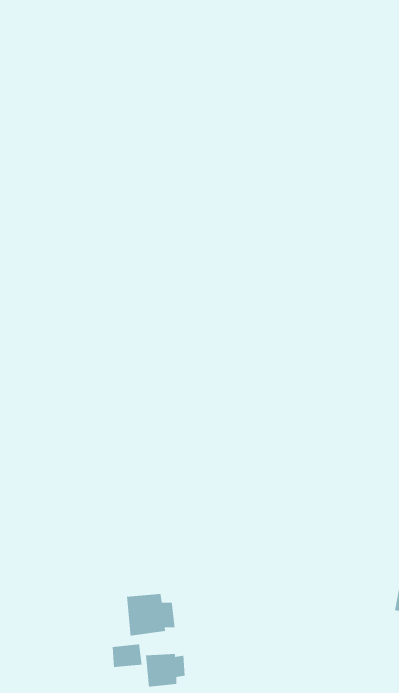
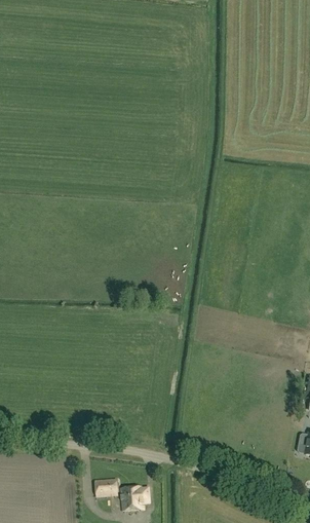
building: [126,593,175,636] -> none

